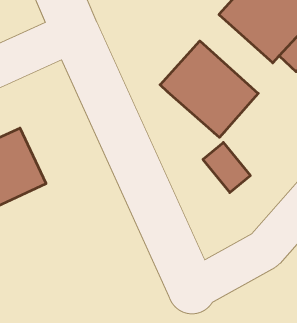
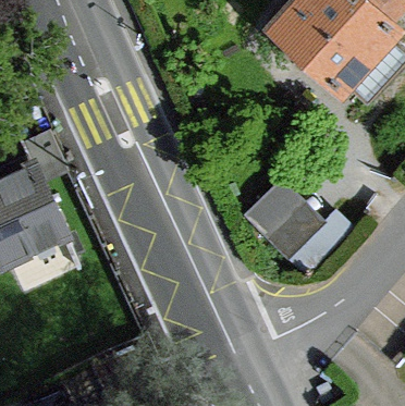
building: [160,41,258,137] -> none

